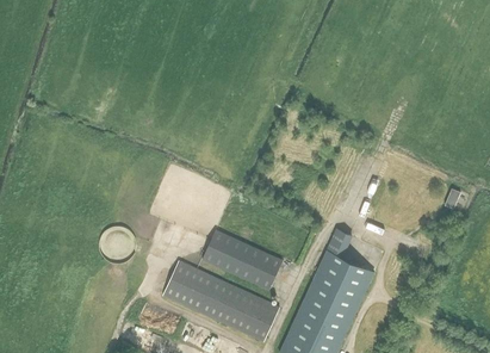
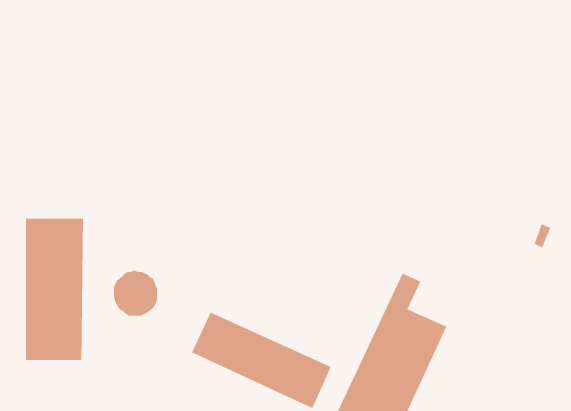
building: none -> [25,218,84,361]
building: [203,229,283,287] -> none

